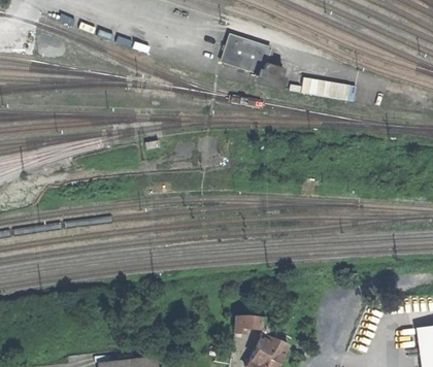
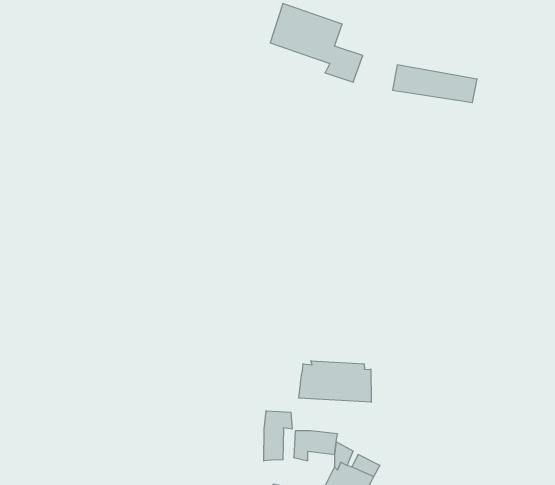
building: none -> [299,361,371,402]
building: none -> [264,411,292,461]

